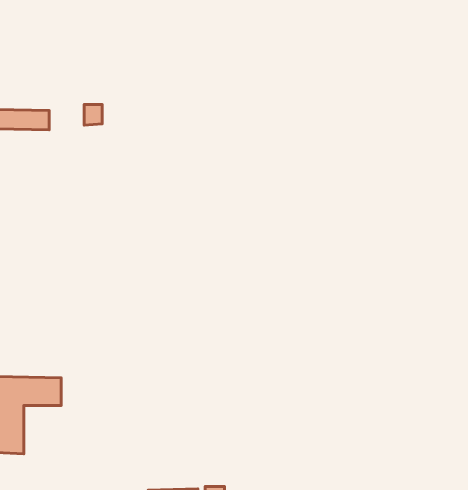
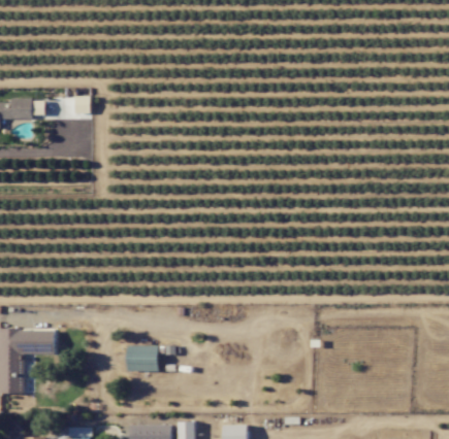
building: none -> [126,347,158,373]

